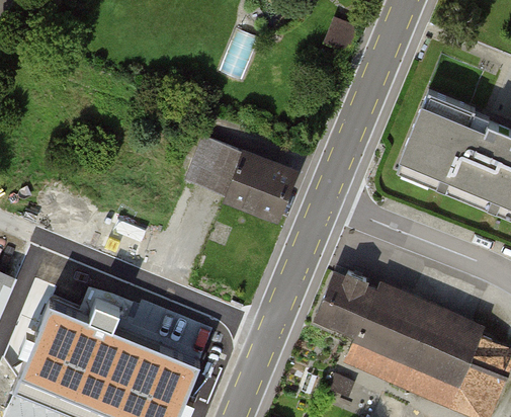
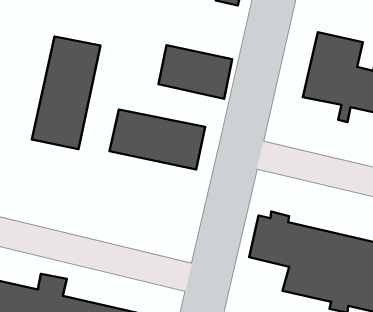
building: none -> [32,37,100,149]
building: none -> [159,45,232,99]

